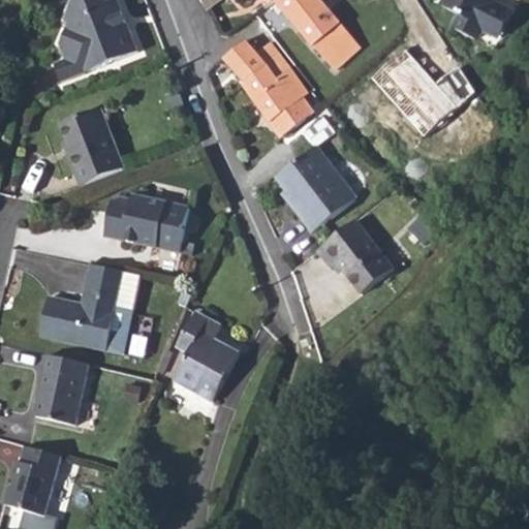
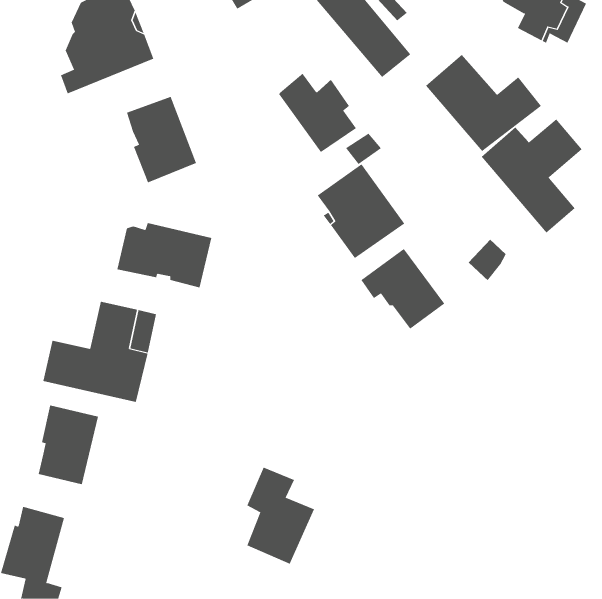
building: [225,37,290,82] -> none
building: none -> [481,119,582,233]
building: [59,108,121,185] -> [126,96,197,183]
building: [178,311,238,397] -> [247,467,315,564]

